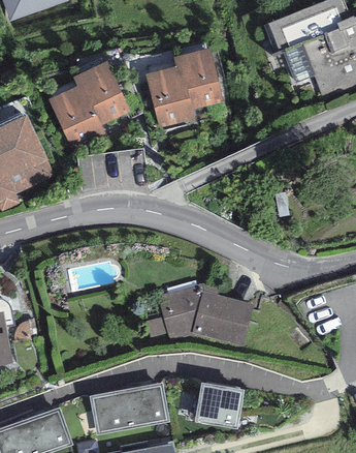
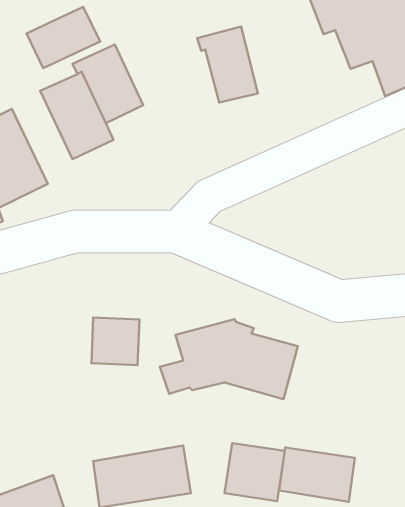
building: none -> [26,7,100,68]
building: [145,65,193,126] -> none
building: none -> [92,318,139,365]
building: none -> [279,448,355,502]

